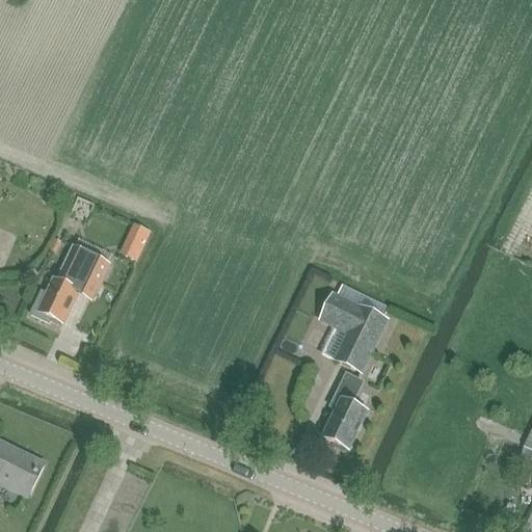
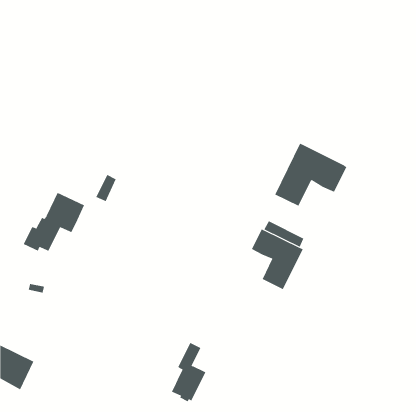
building: none -> [274,143,347,207]
building: [322,372,367,449] -> [171,342,206,402]

